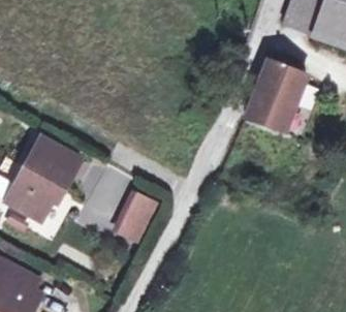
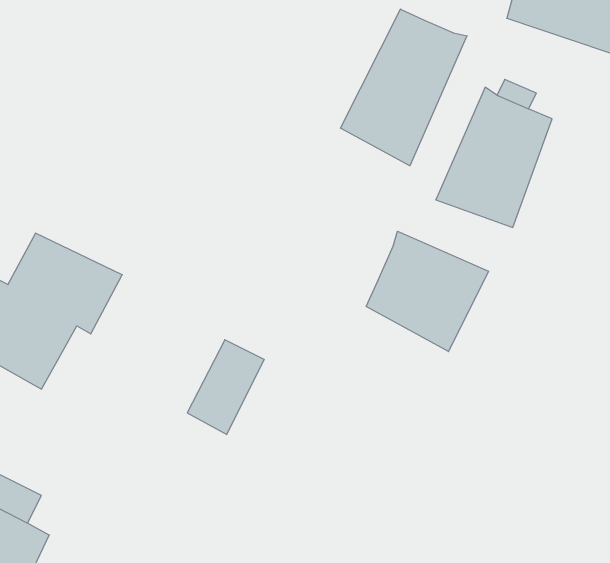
building: none -> [341,9,467,166]
building: none -> [366,231,489,352]

